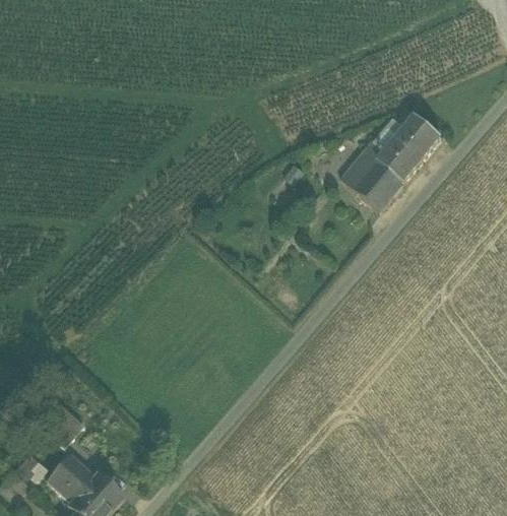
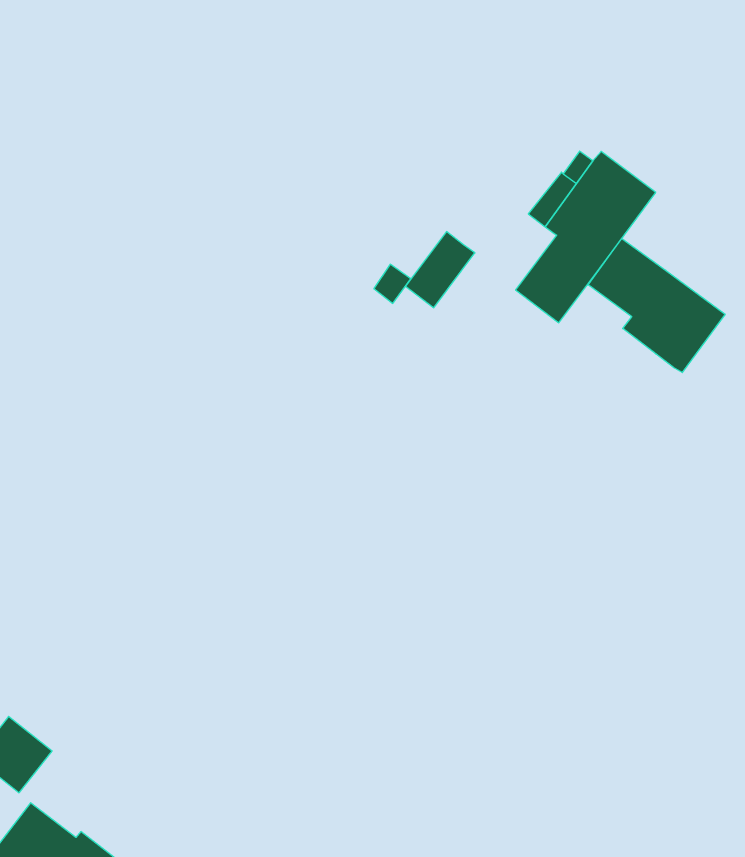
building: [347,141,388,184] -> [406,232,475,308]
building: none -> [588,238,725,373]

